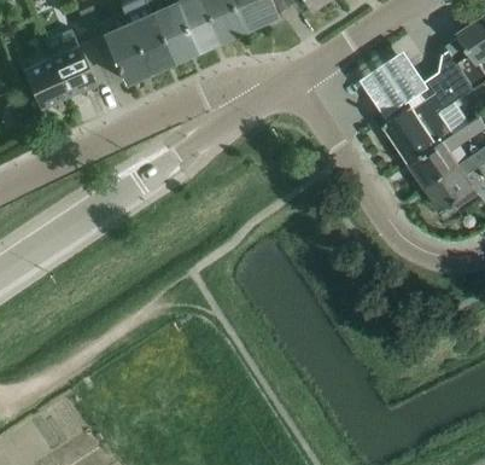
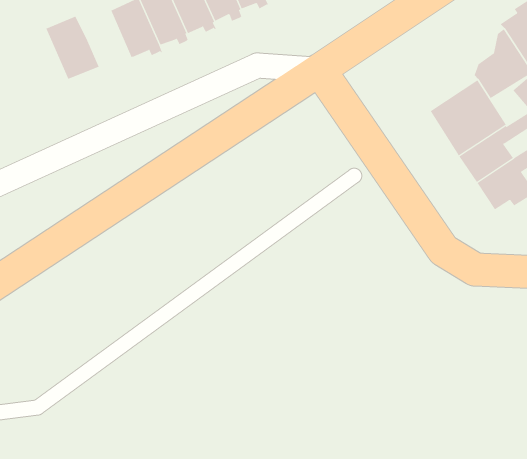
building: [361,50,426,116] -> none
building: [21,51,66,107] -> none

